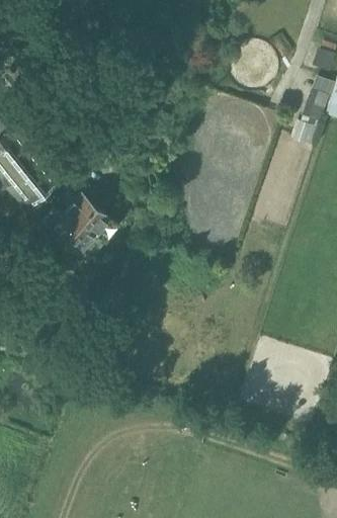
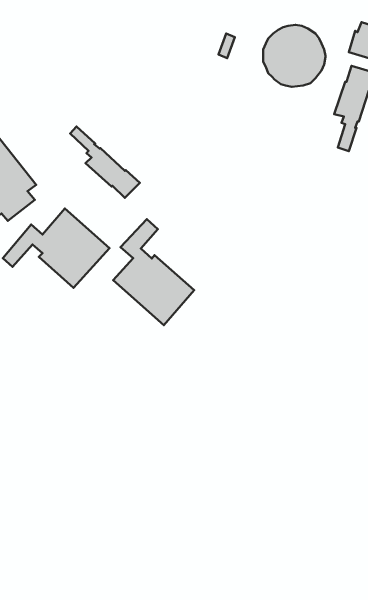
building: none -> [70,126,140,198]
building: none -> [113,219,194,325]

